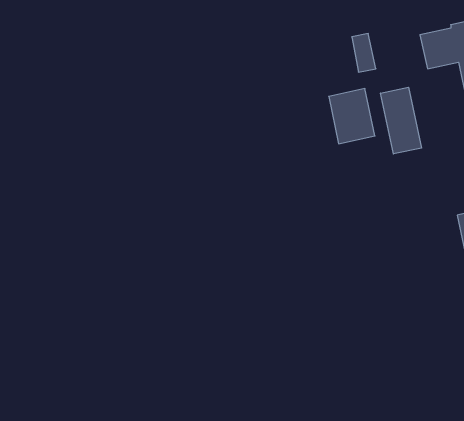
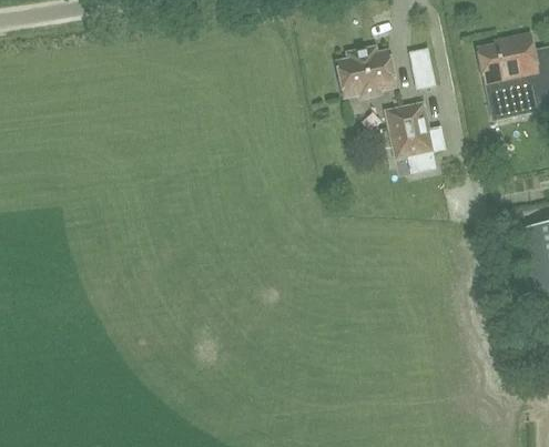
building: none -> [338,45,398,96]
building: [381,87,421,154] -> none

